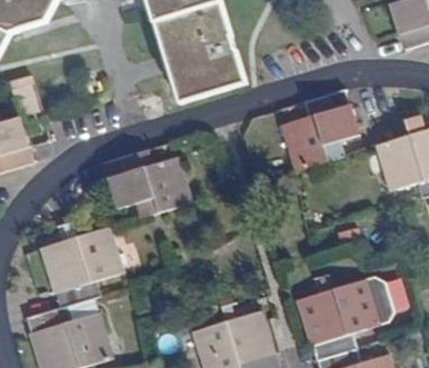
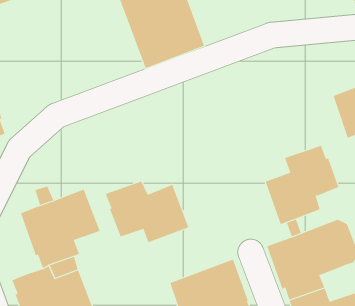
building: [281,89,359,170] -> [265,145,339,225]
building: [104,149,191,215] -> [105,181,189,243]

